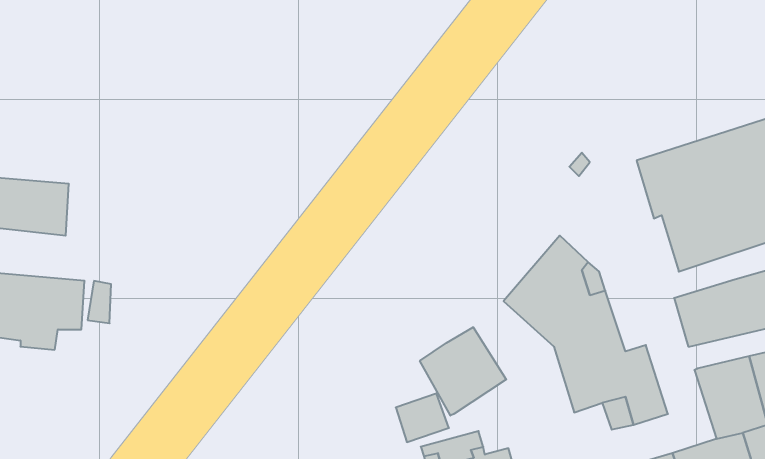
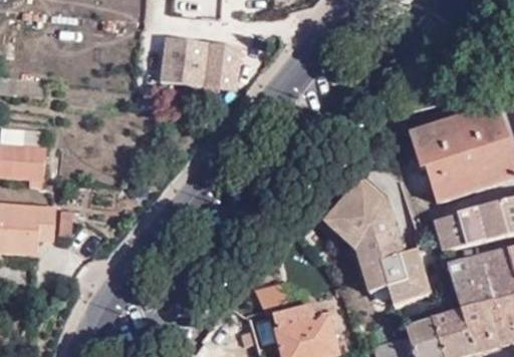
building: none -> [162,38,242,92]
building: [420,327,506,416] -> none

